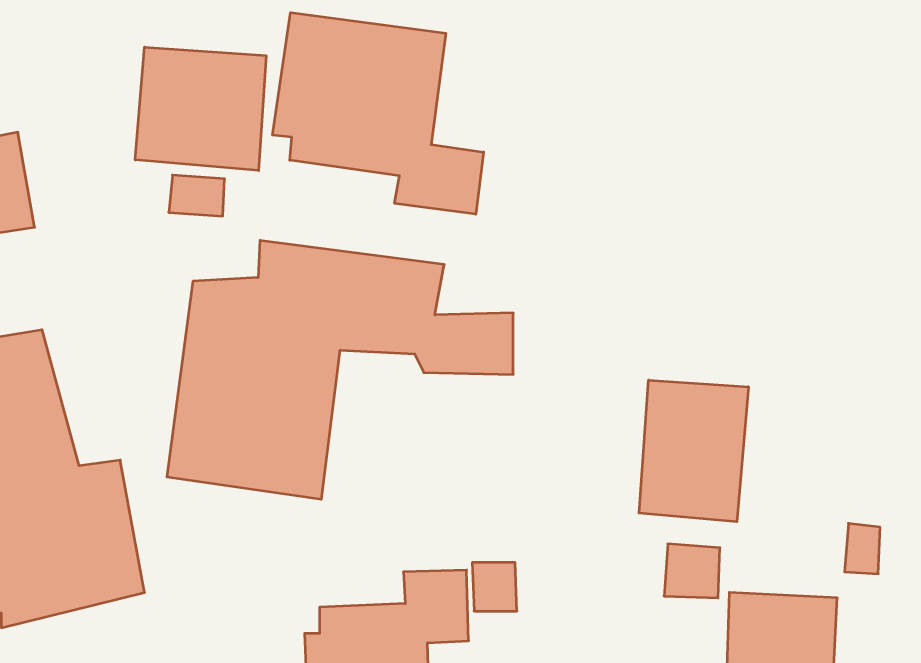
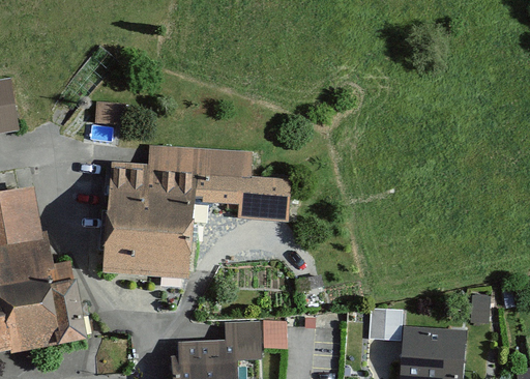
building: [273,13,484,214] -> none
building: [135,47,266,171] -> none
building: [639,380,748,522] -> none

